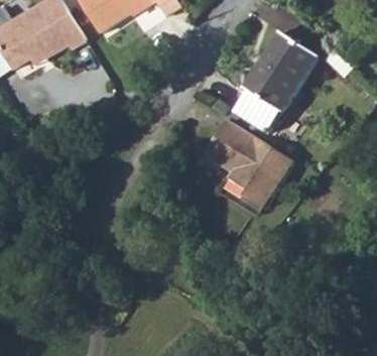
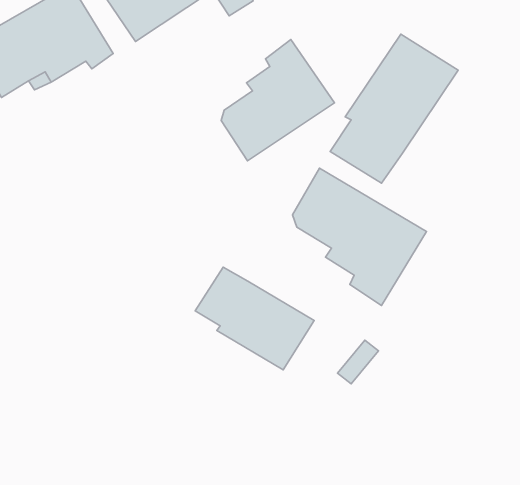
building: none -> [221,39,334,161]
building: none -> [195,267,314,370]

